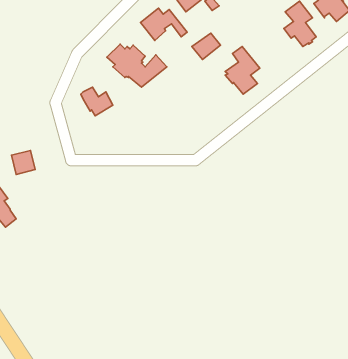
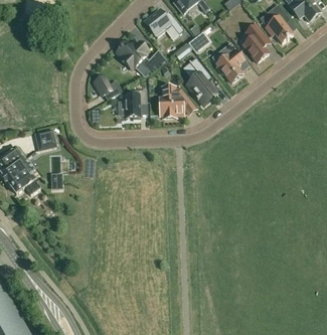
building: none -> [242,23,268,61]
building: none -> [186,56,216,104]
building: none -> [159,85,195,117]
building: none -> [120,89,146,118]

